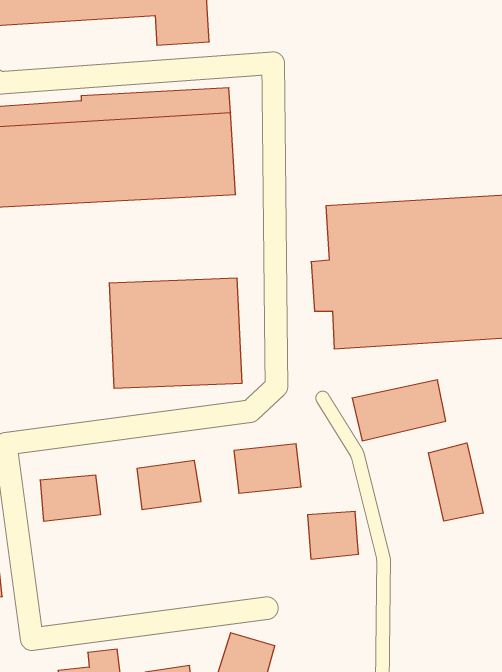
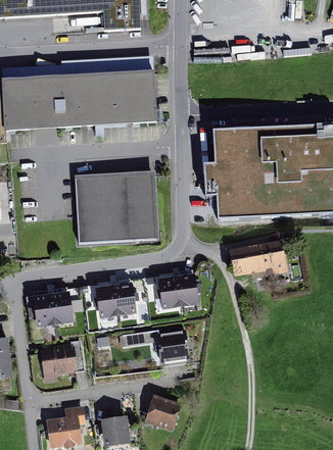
building: [428,443,483,521] -> none
building: [308,511,359,559] -> [159,333,191,362]
building: none -> [45,345,82,374]

